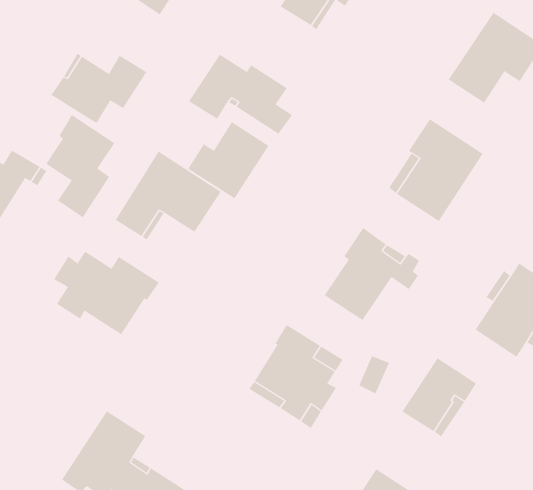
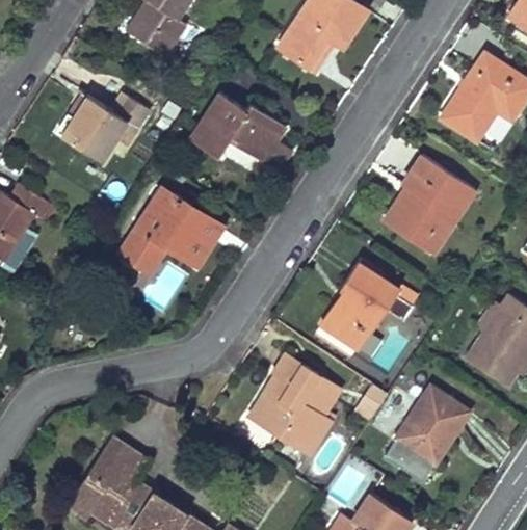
building: [45,114,115,218] -> none
building: [187,121,269,199] -> none
building: [54,251,159,335] -> none

